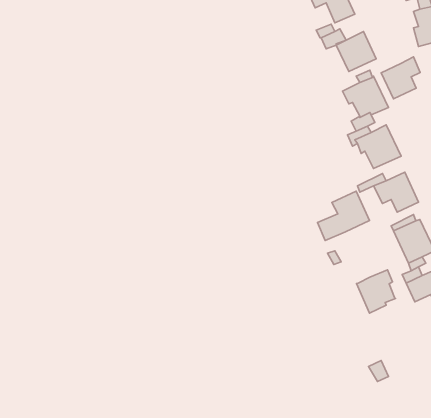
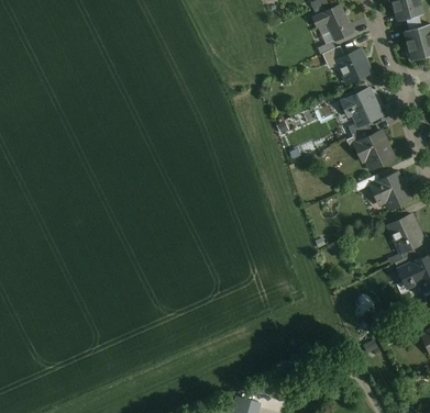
building: [381,57,420,99] -> none
building: [318,191,370,241] -> none
building: [356,270,395,313] -> none

